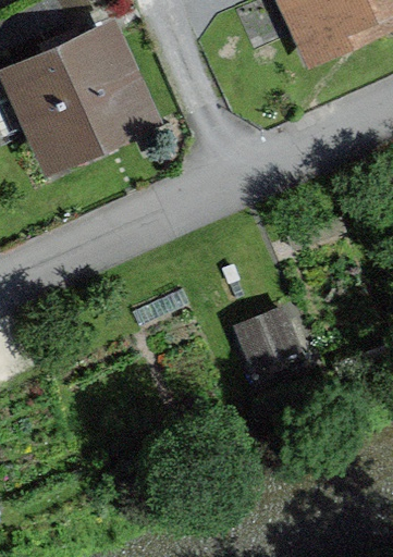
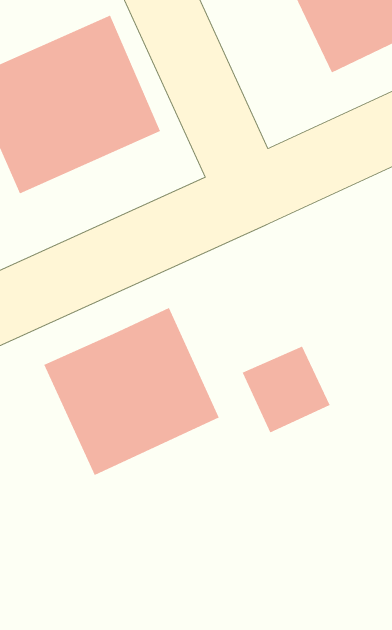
building: none -> [43,307,219,476]

